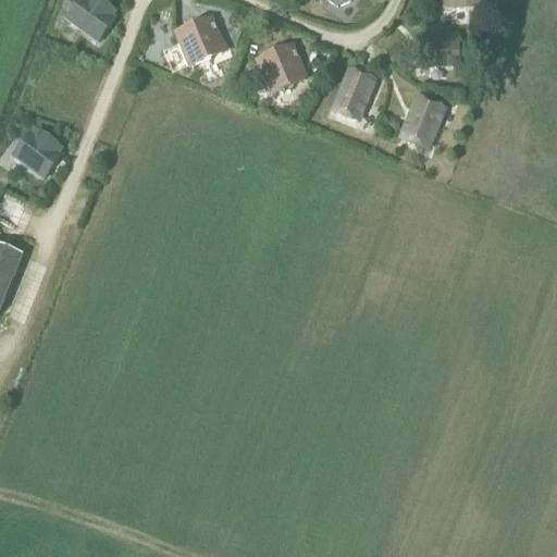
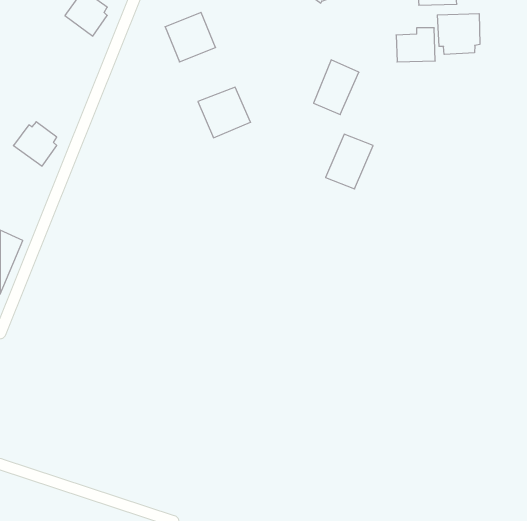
building: none -> [437,14,480,54]
building: [253,40,309,94] -> [198,87,251,138]
building: [398,94,448,151] -> [326,134,373,189]

